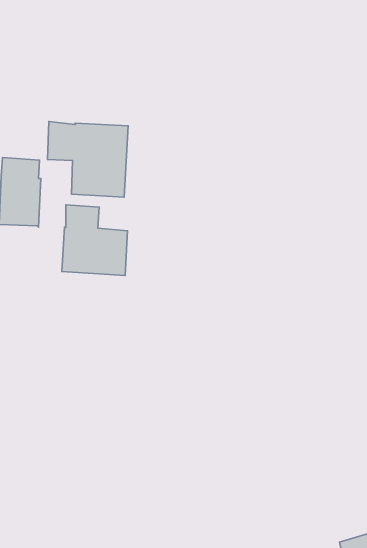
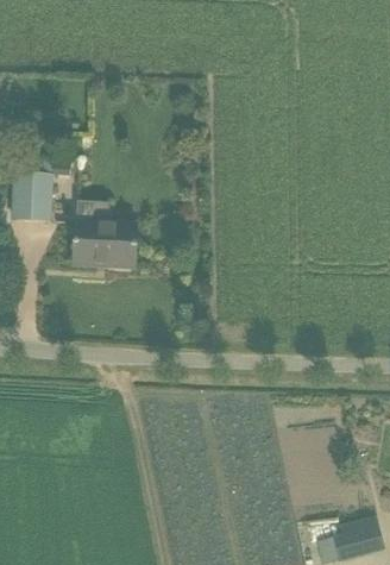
building: [47,122,128,197] -> none

